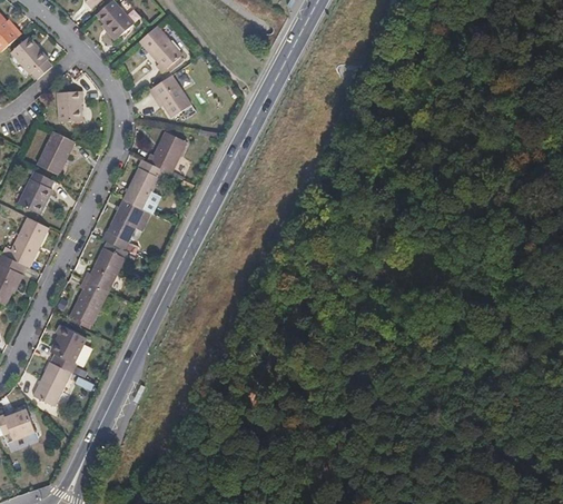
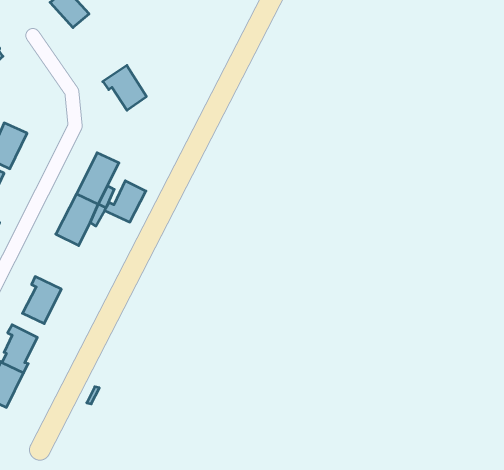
building: [139,26,181,72] -> none
building: [56,90,80,120] -> none
building: [147,132,187,172] -> [105,181,146,222]
building: [82,248,124,291] -> none

